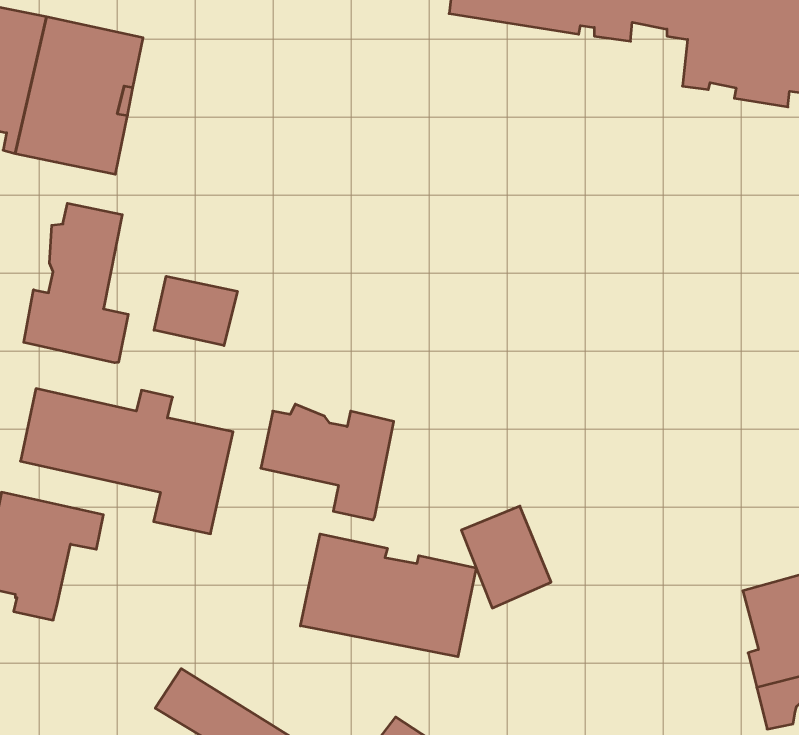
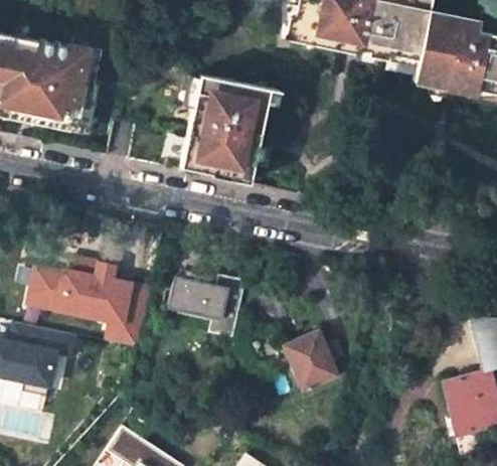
building: none -> [180,73,269,182]
building: [24,203,128,363] -> none
building: [154,276,237,346] -> none
building: [300,534,476,657] -> none

